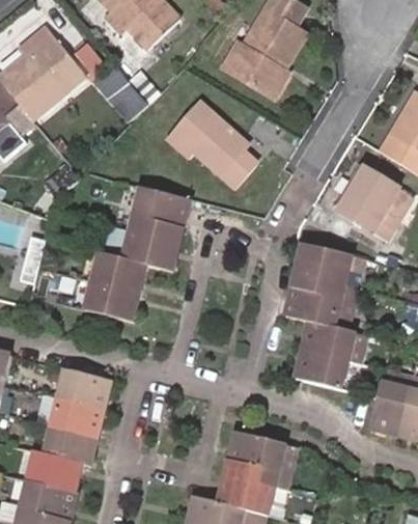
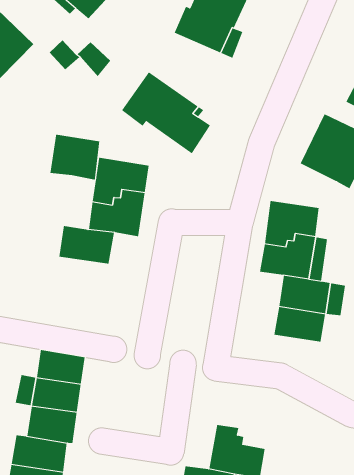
building: none -> [50,134,100,180]
building: [86,279,141,318] -> none
building: [231,426,304,487] -> none

